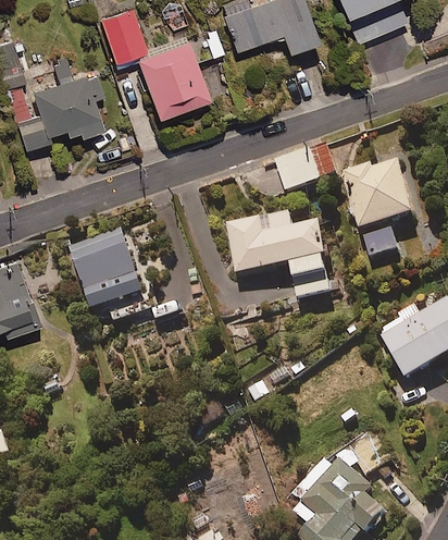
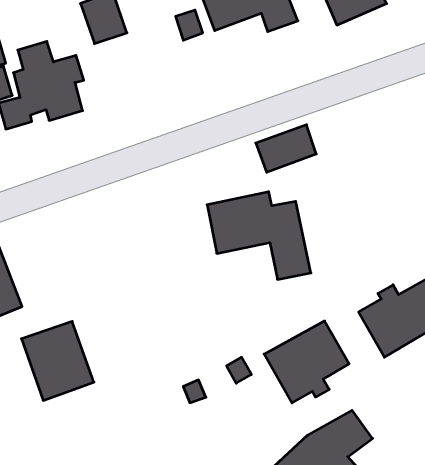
building: [137,37,210,116] -> none
building: [345,157,414,258] -> none
building: [71,231,144,310] -> [21,321,94,400]
building: none -> [264,321,349,403]

